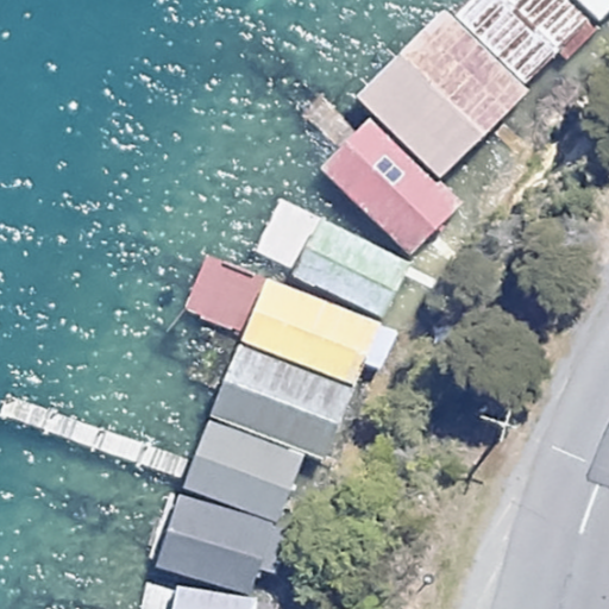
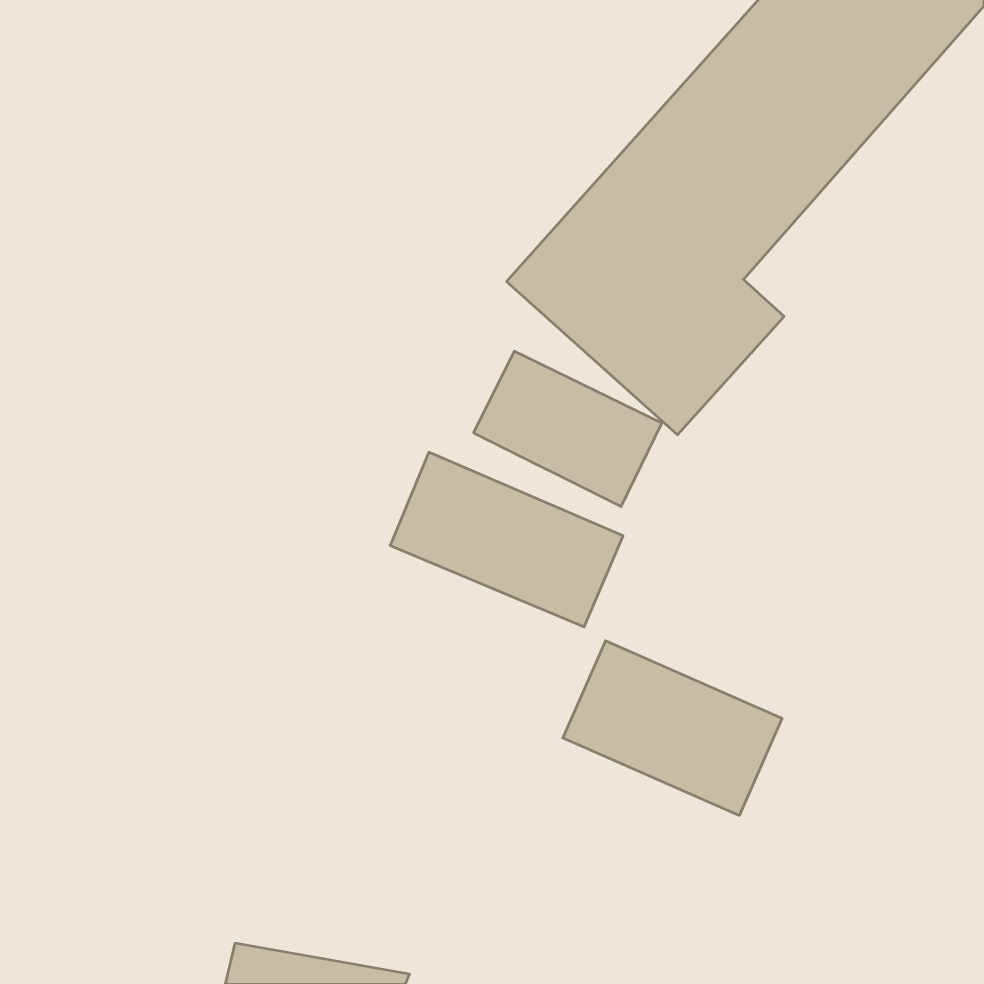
building: [212,344,346,451] -> [563,641,782,815]
building: [156,417,299,589] -> none

